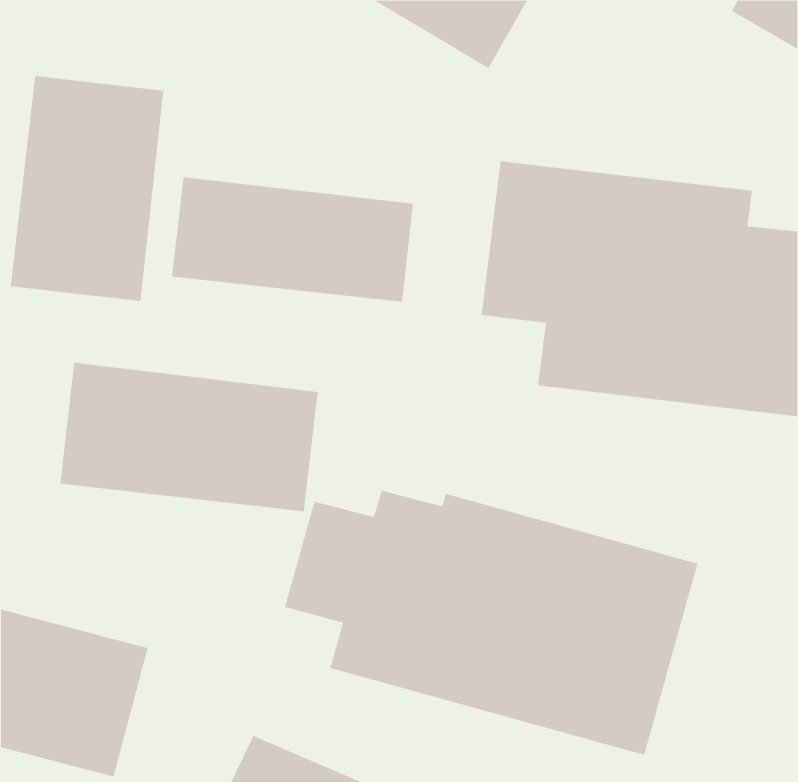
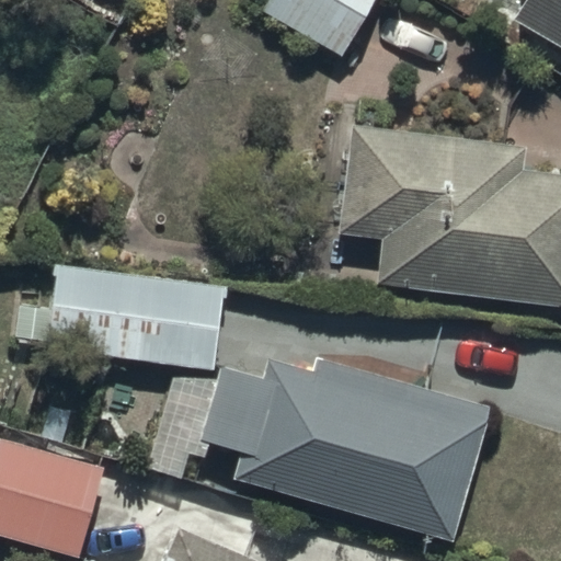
building: [10,75,164,302] -> none
building: [172,177,414,302] -> none

